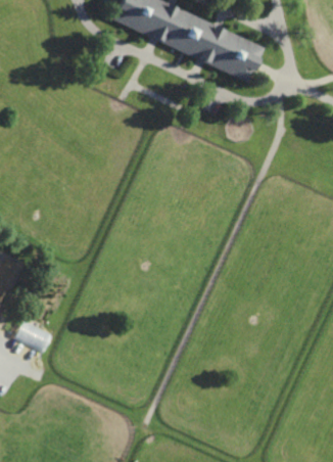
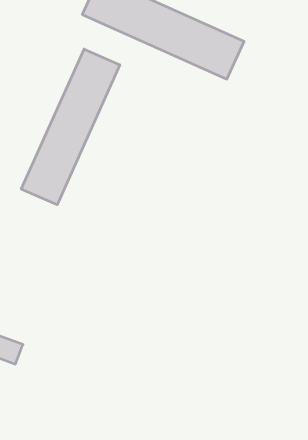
building: none -> [21,49,120,205]

